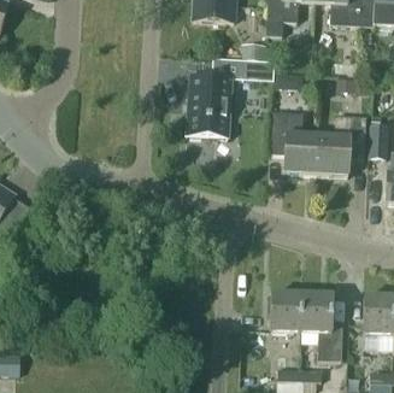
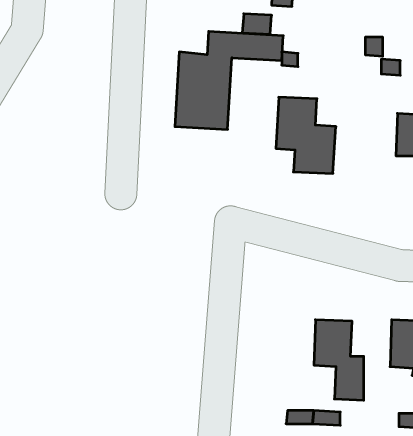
building: [316,113,366,174] -> none
building: [270,293,301,330] -> none

